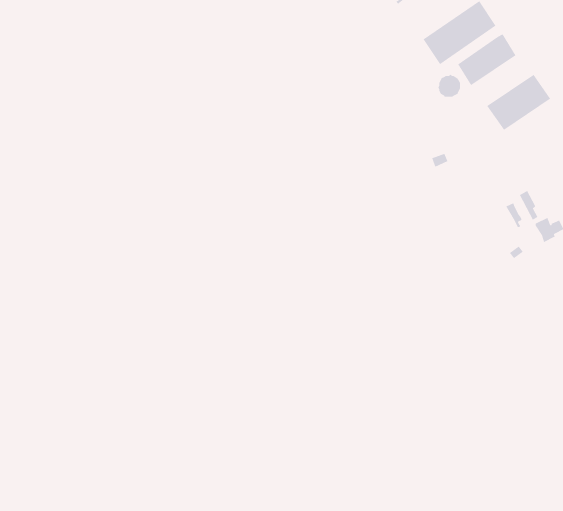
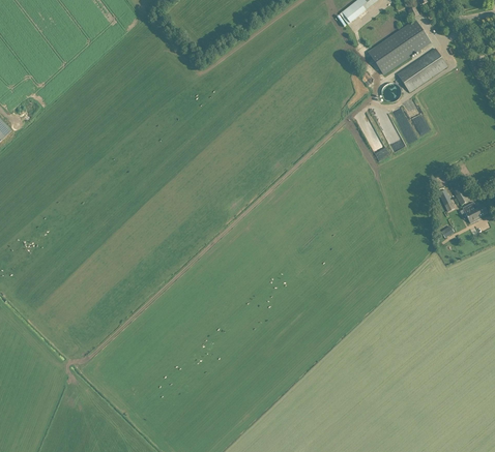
building: [486,74,551,131] -> none

